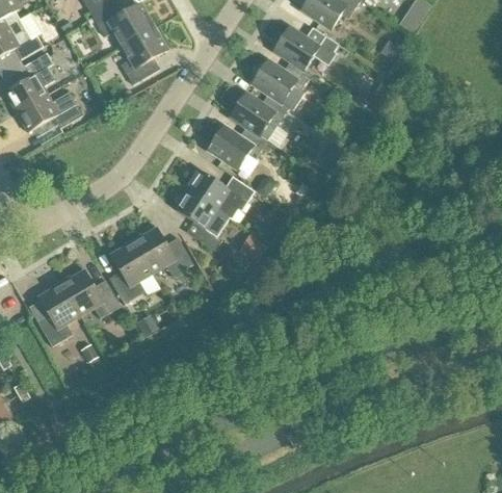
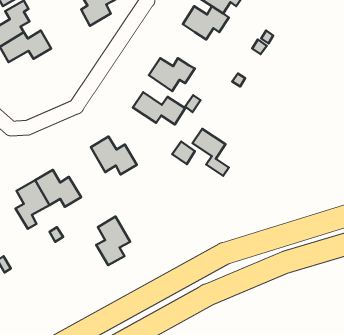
building: [230,93,289,135] -> none
building: [175,189,221,250] -> [192,129,229,176]
building: [108,240,152,303] -> [96,217,130,265]

